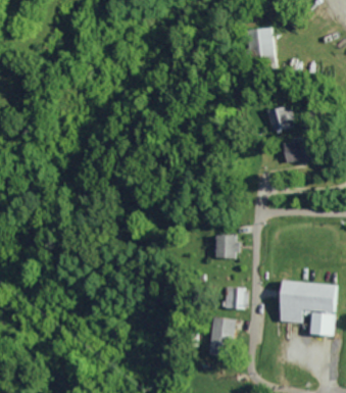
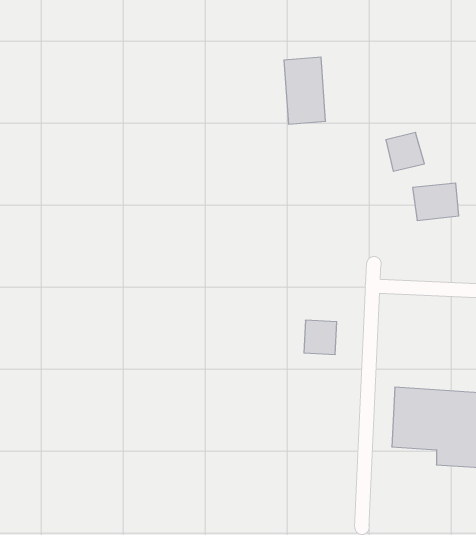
building: [247,26,276,71] -> [284,57,326,124]
building: [225,287,243,307] -> none
building: [208,316,234,345] -> none

